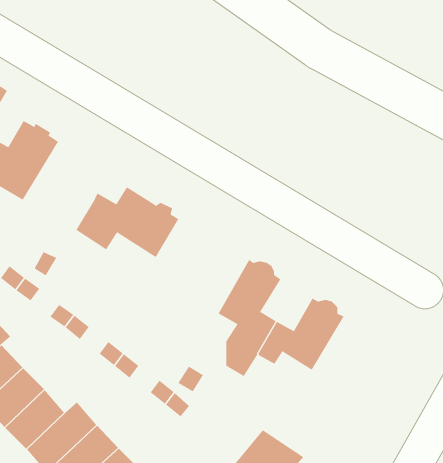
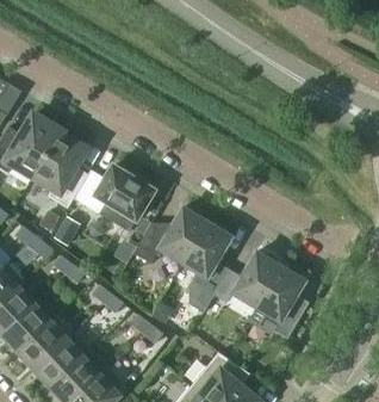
building: none -> [32,131,88,209]
building: none -> [132,208,206,265]
building: none -> [255,266,304,339]

